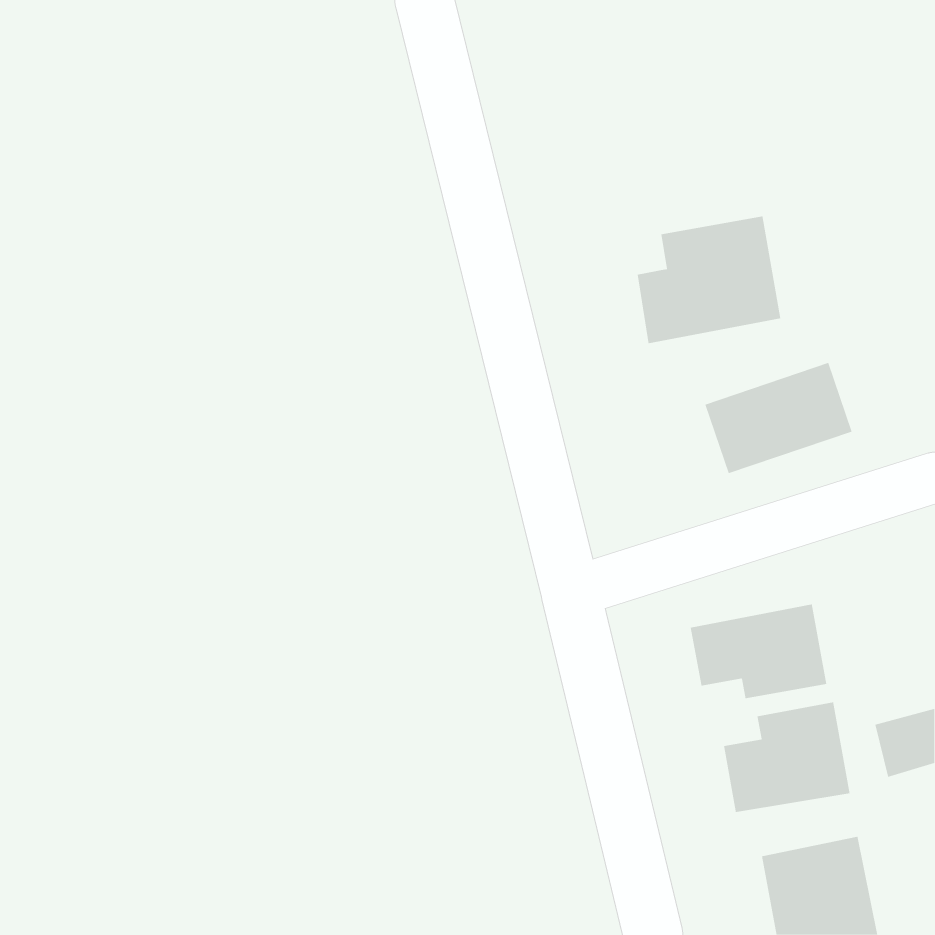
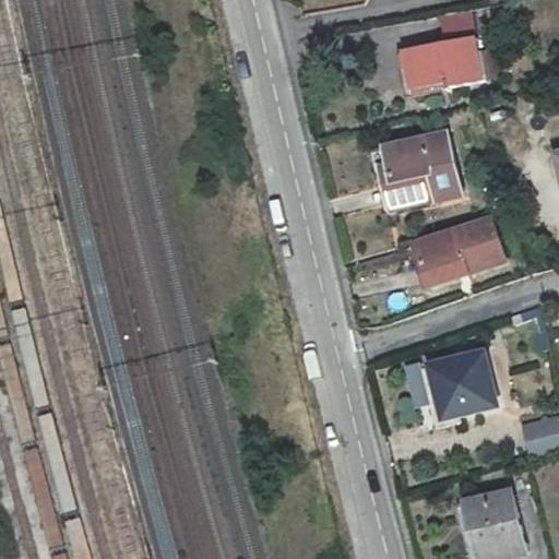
building: none -> [399,33,477,82]
building: [724,702,850,813] -> none

